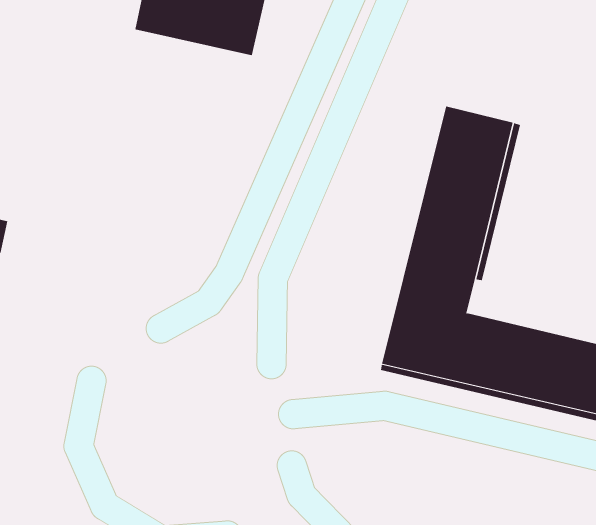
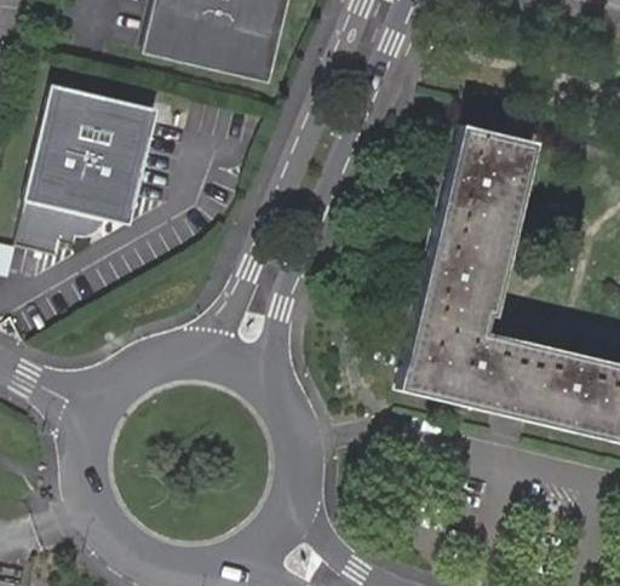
building: none -> [19,82,153,247]

